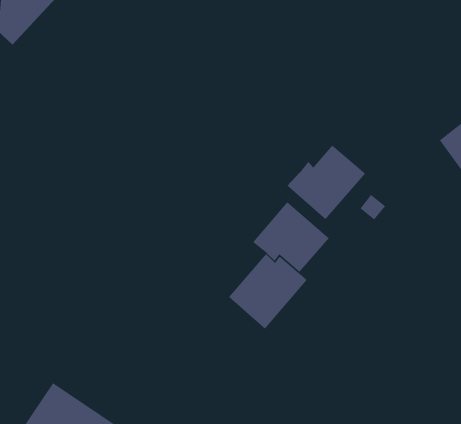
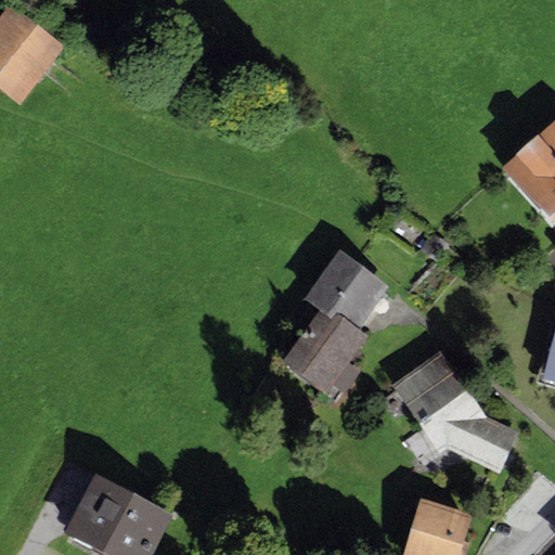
building: [286,145,366,220] -> none
building: none -> [392,351,519,475]

